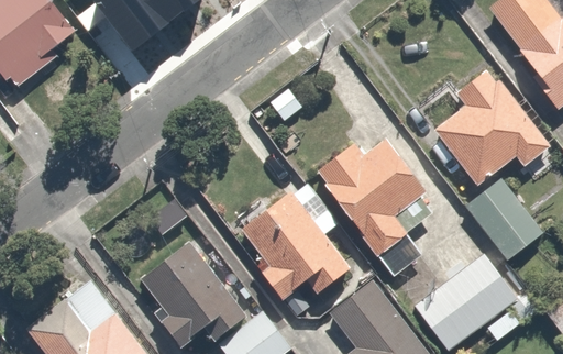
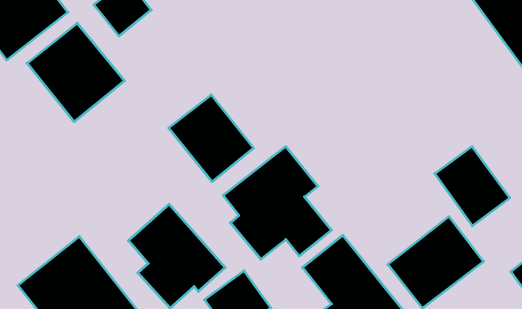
building: none -> [27,23,125,122]
building: [432,67,551,189] -> none
building: none -> [169,95,254,182]
building: [318,132,430,278] -> none

